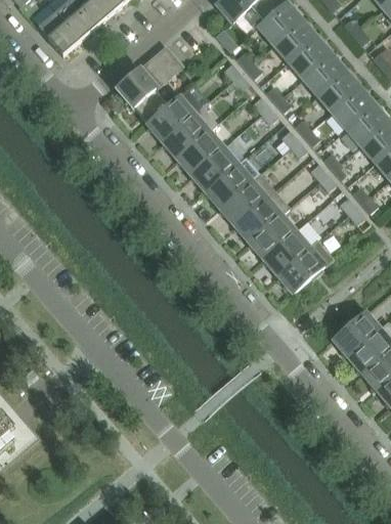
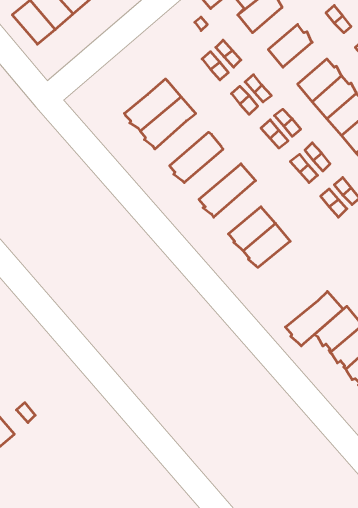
building: [271,19,315,60] -> none
building: [116,46,180,123] -> none
building: [301,53,344,94] -> none
building: [176,130,221,174] -> none
building: [205,156,259,207] -> none
building: [233,188,289,241] -> none
building: [276,238,333,292] -> [285,291,343,346]

